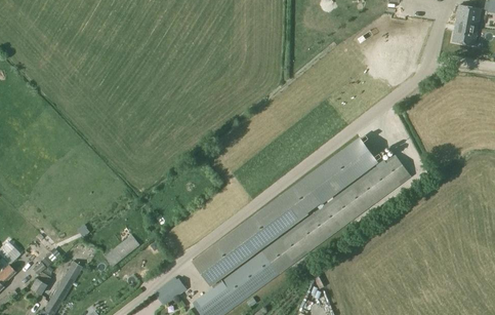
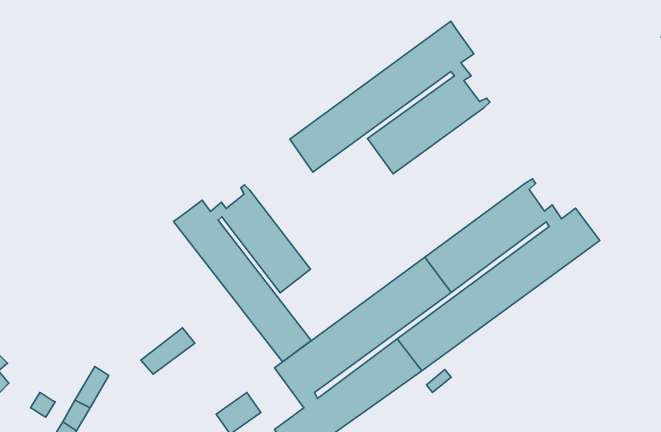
building: none -> [290,21,490,174]
building: none -> [174,185,311,362]

